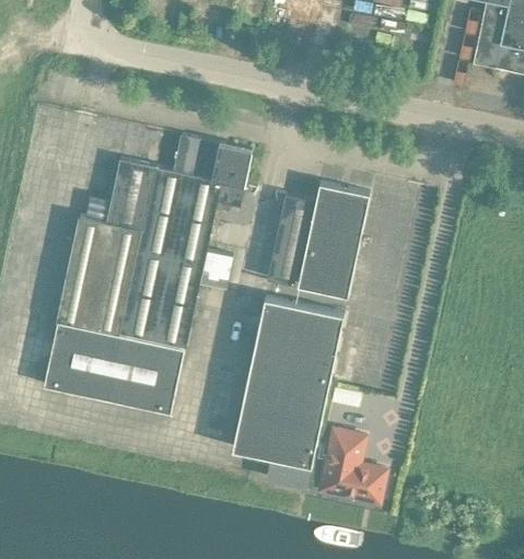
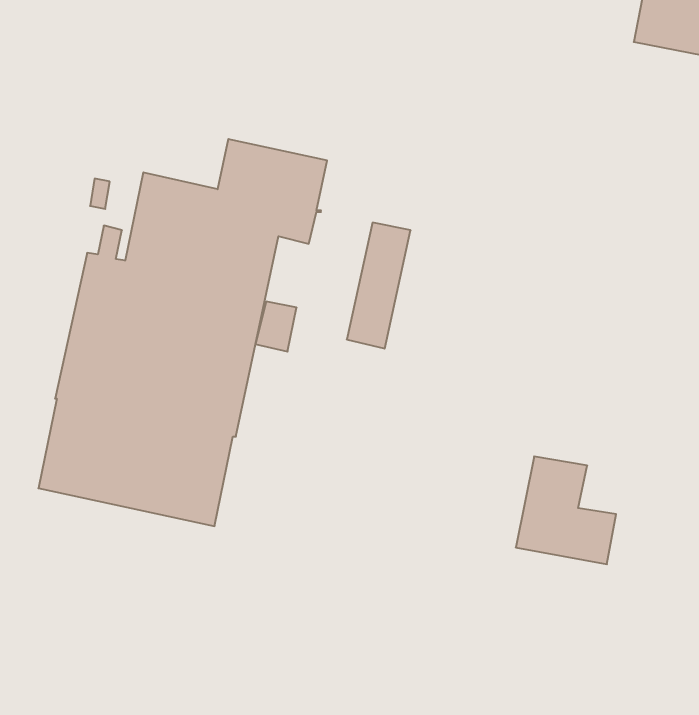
building: [296,184,369,296] -> none
building: [232,298,343,466] -> none
building: [316,427,388,504] -> [516,456,616,564]

